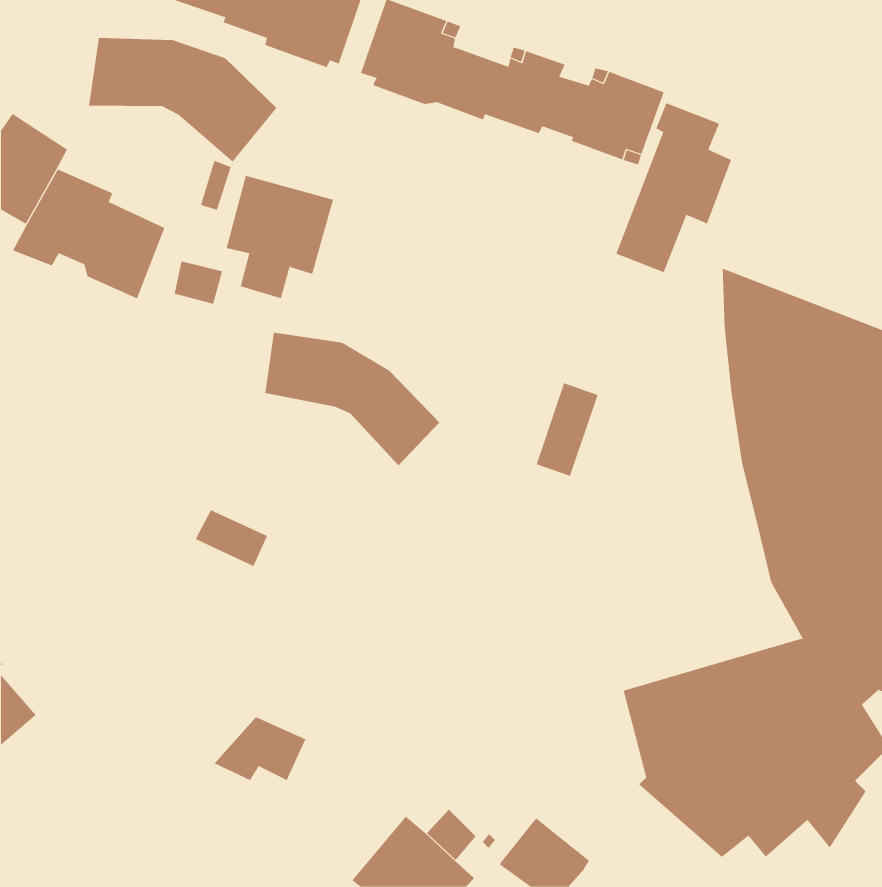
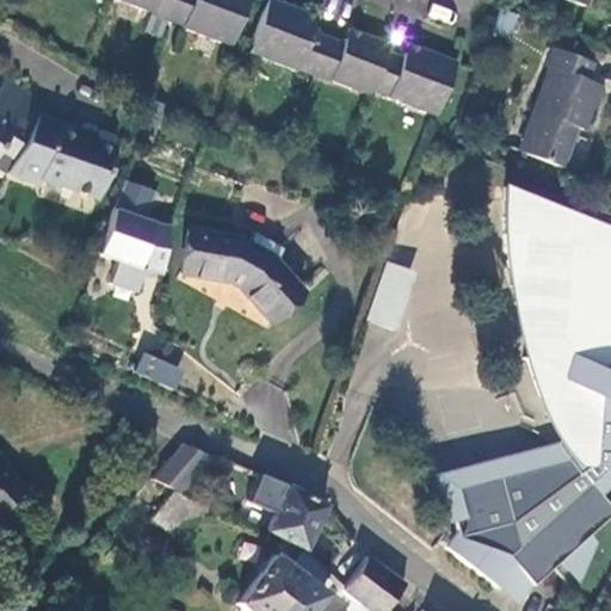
building: [89,37,277,163] -> none
building: [615,102,732,273] -> [519,47,599,163]
building: [226,175,334,299] -> [106,206,180,291]
building: none -> [155,442,216,492]
building: none -> [255,475,329,550]

